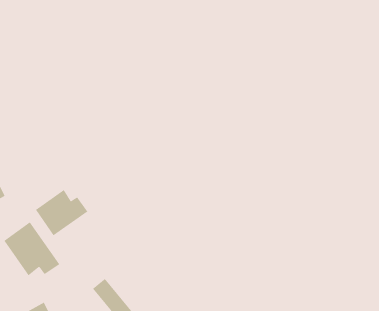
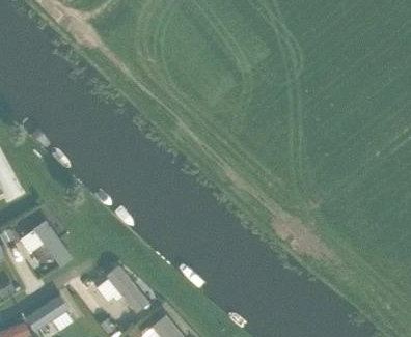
building: [35,189,88,236] -> none

